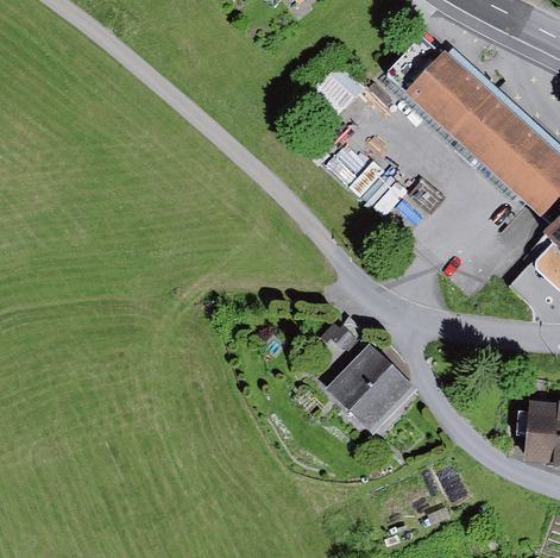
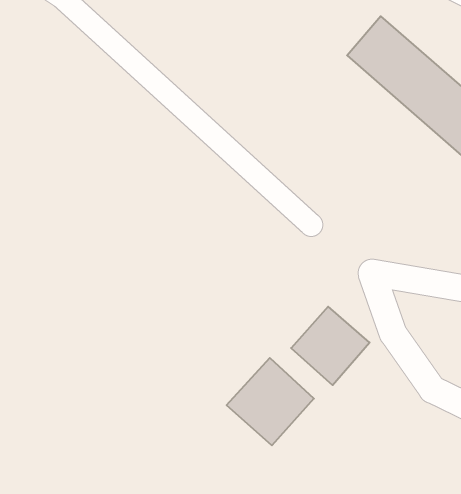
building: none -> [227,358,314,445]

